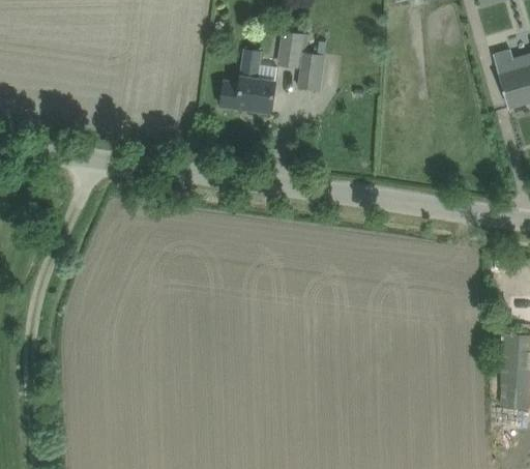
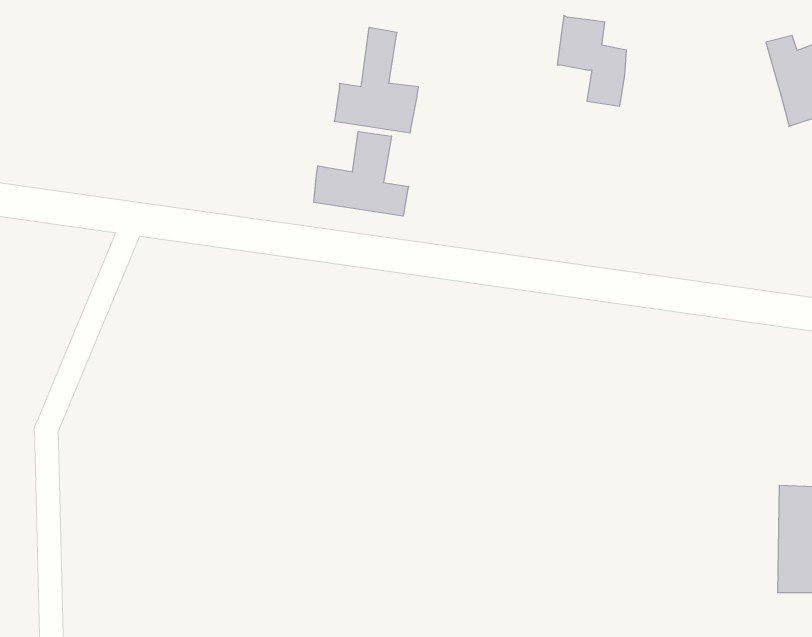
building: [279,34,323,91] -> [557,16,626,106]
building: none -> [314,132,409,216]

